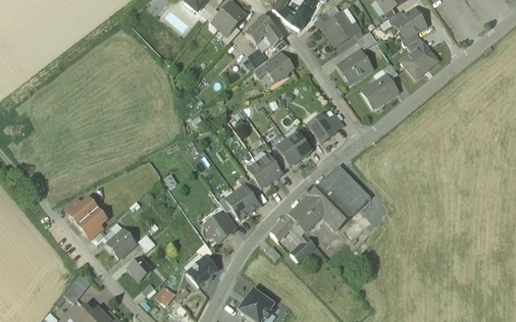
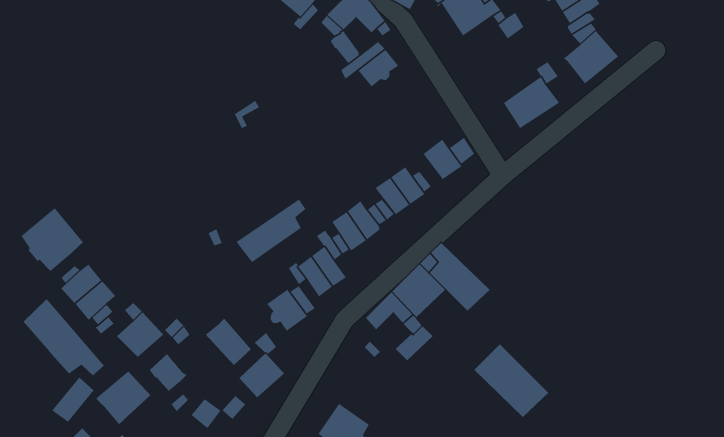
building: [338,50,372,84] -> none
building: none -> [236,199,307,263]
building: none -> [20,207,84,273]
building: [320,165,370,214] -> [473,343,549,418]
building: none -> [22,298,105,376]
building: none -> [205,318,252,366]
building: none -> [96,370,151,425]

